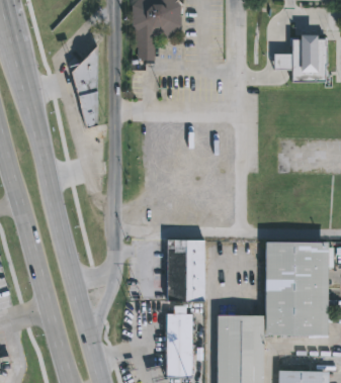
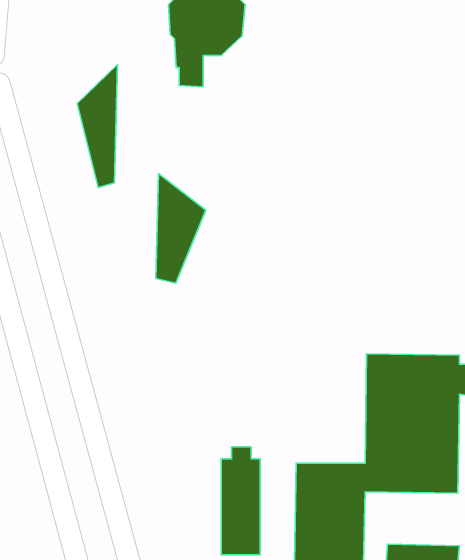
building: [274,33,327,83] -> none
building: none -> [156,174,206,283]
building: [167,241,204,302] -> none

